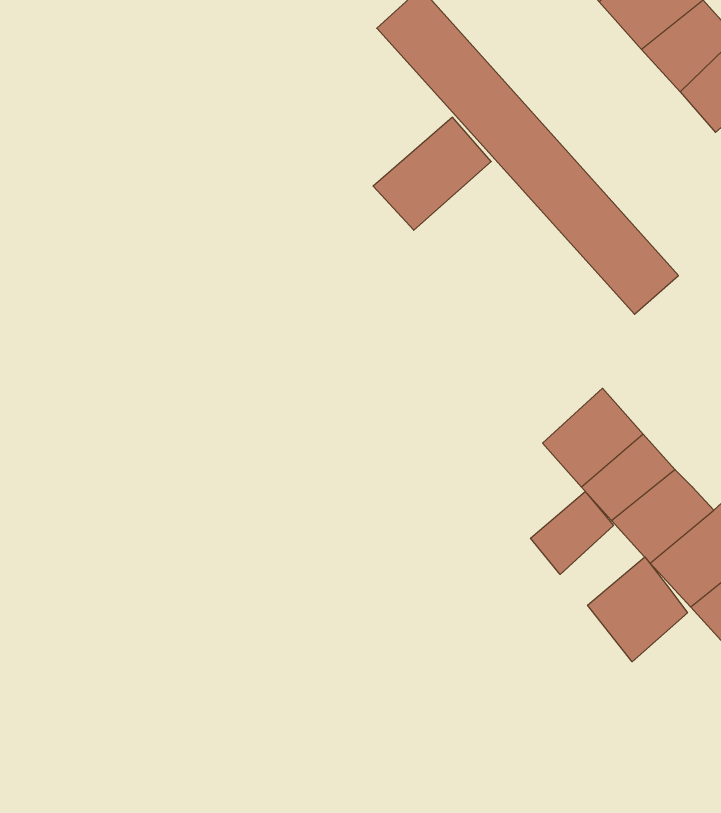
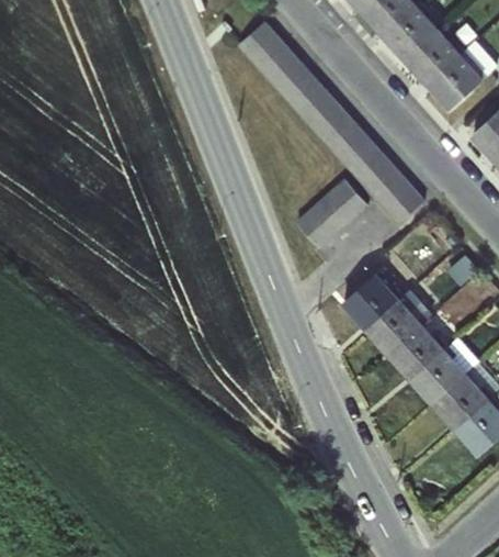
building: [373,117,491,230] -> [295,179,368,249]
building: [531,491,613,574] -> none
building: [588,557,687,662] -> none

